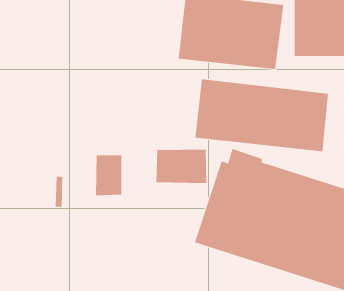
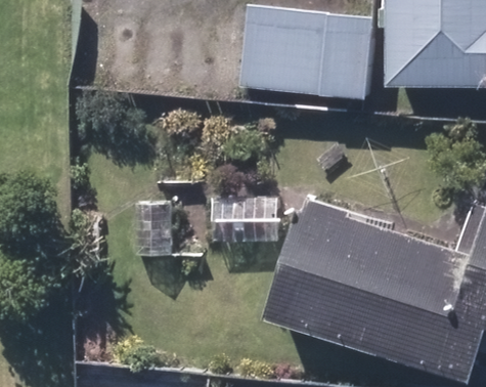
building: [195,78,328,152] -> none

